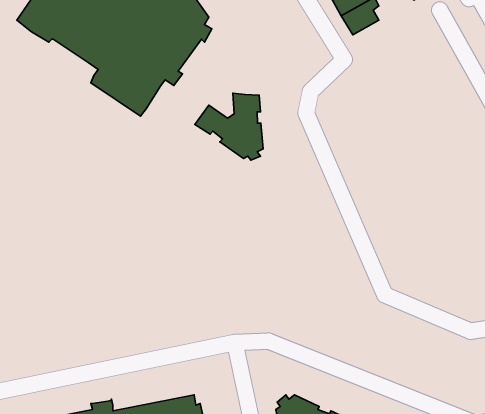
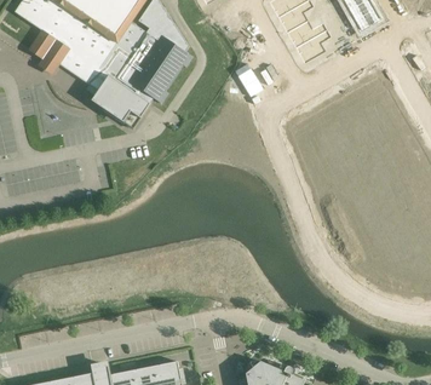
building: [195,93,263,160] -> none

